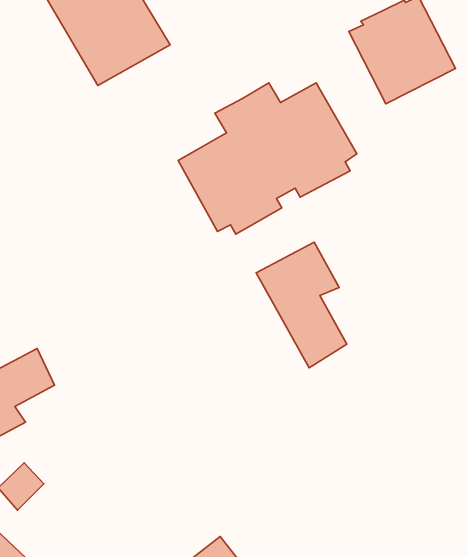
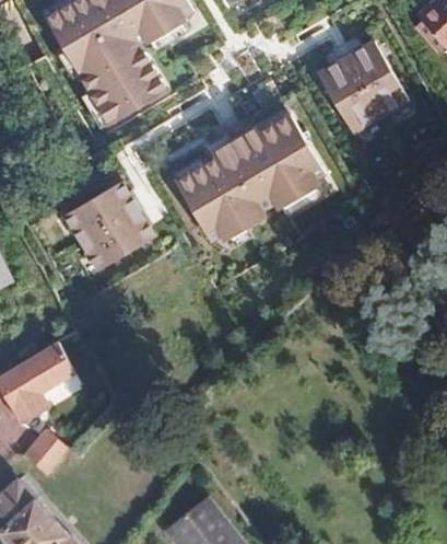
building: none -> [59,182,149,270]
building: [256,242,347,368] -> none

